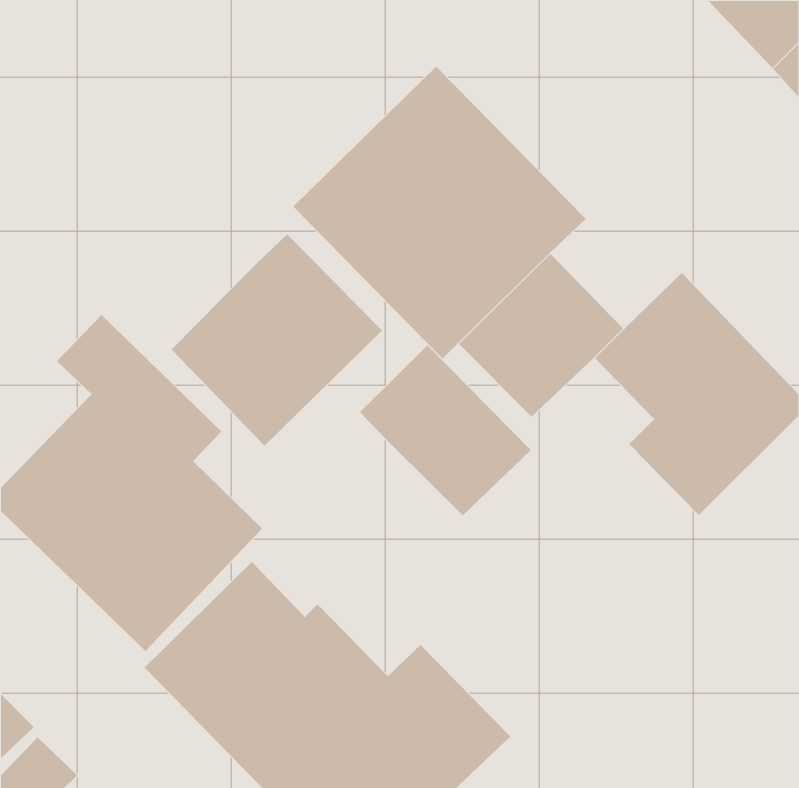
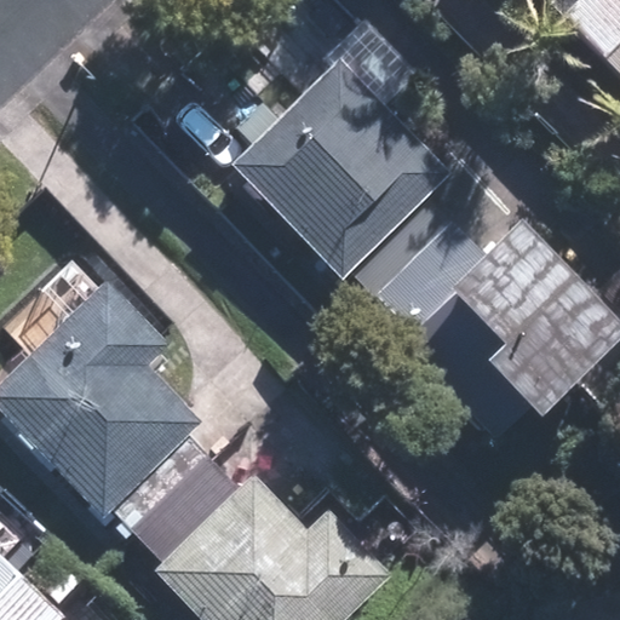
building: [171,233,383,447] -> none
building: [359,344,531,516] -> none

